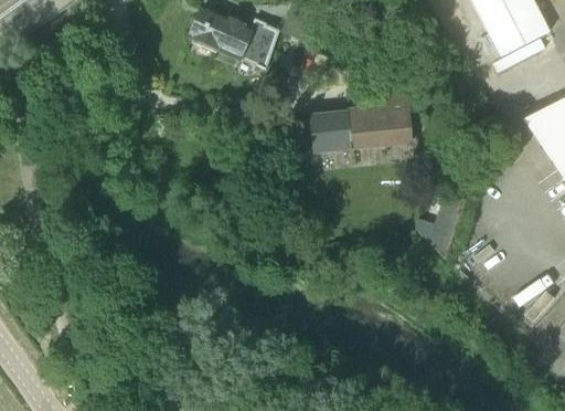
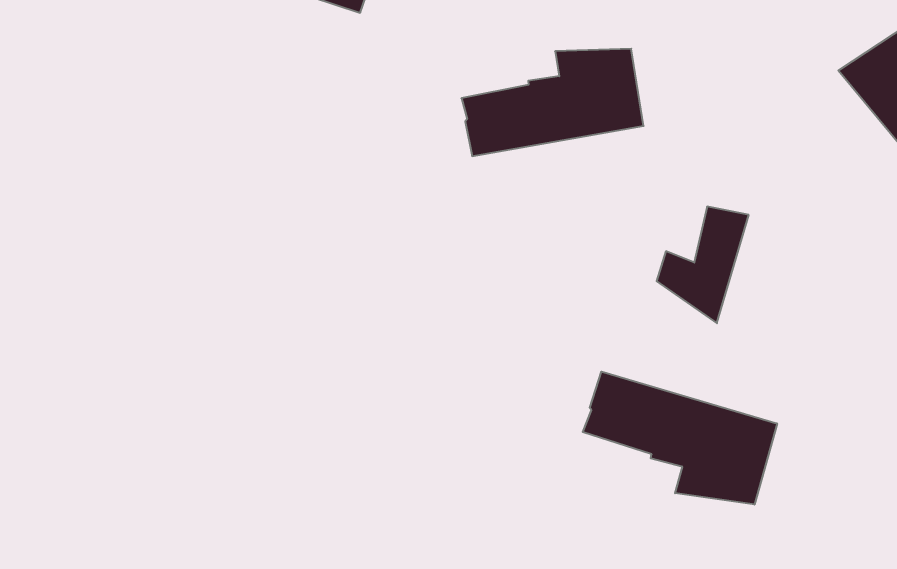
building: none -> [583,372,777,505]

